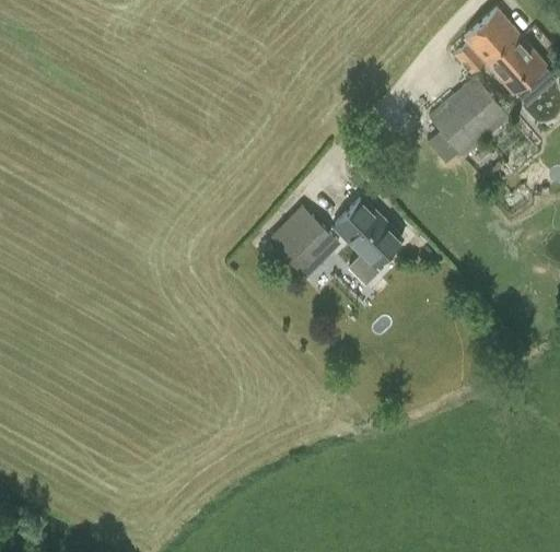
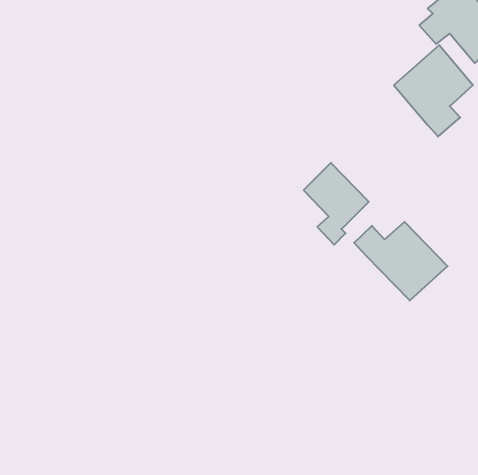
building: [268,205,341,278] -> none
building: none -> [354,222,448,301]

